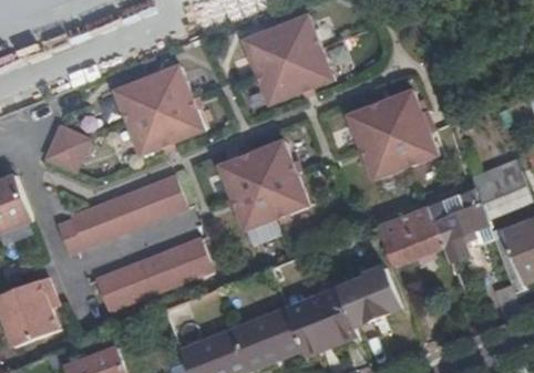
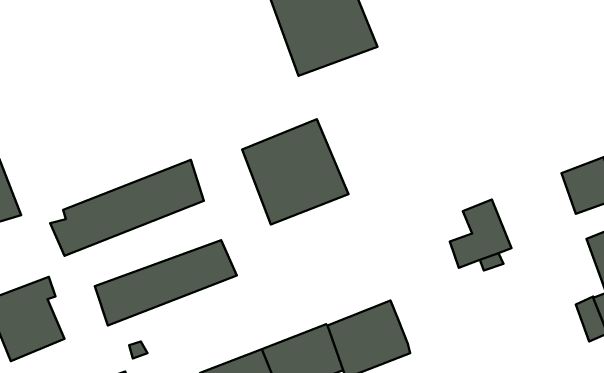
building: [107,60,199,151] -> none
building: [345,87,433,172] -> none
building: [35,123,78,167] -> none
building: [427,196,489,262] -> none
building: [348,268,402,327] -> none

